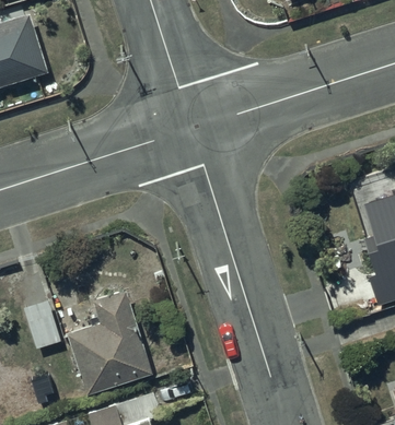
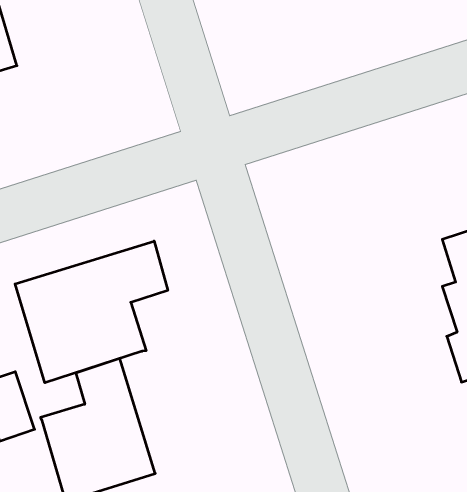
building: none -> [15,241,168,383]

